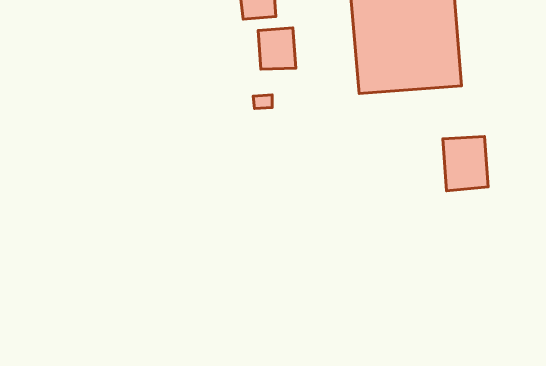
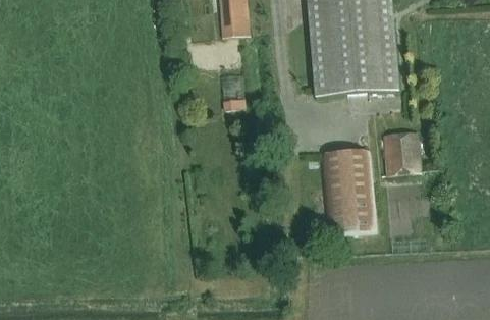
building: [258,28,296,69] -> none
building: none -> [320,146,376,233]

